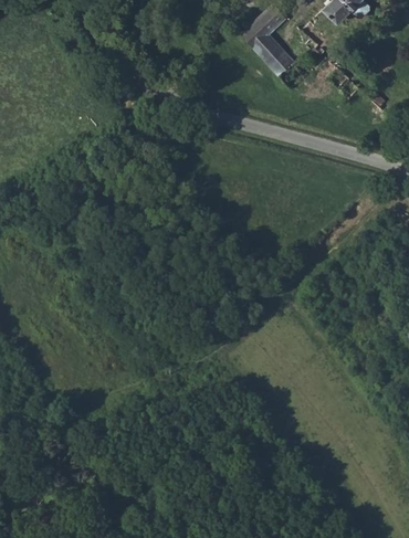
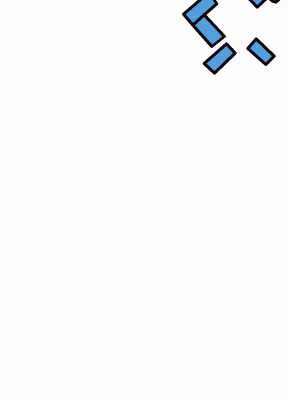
building: none -> [204,44,235,73]

